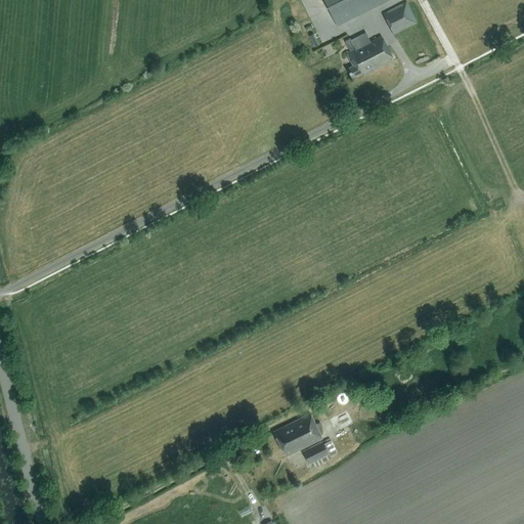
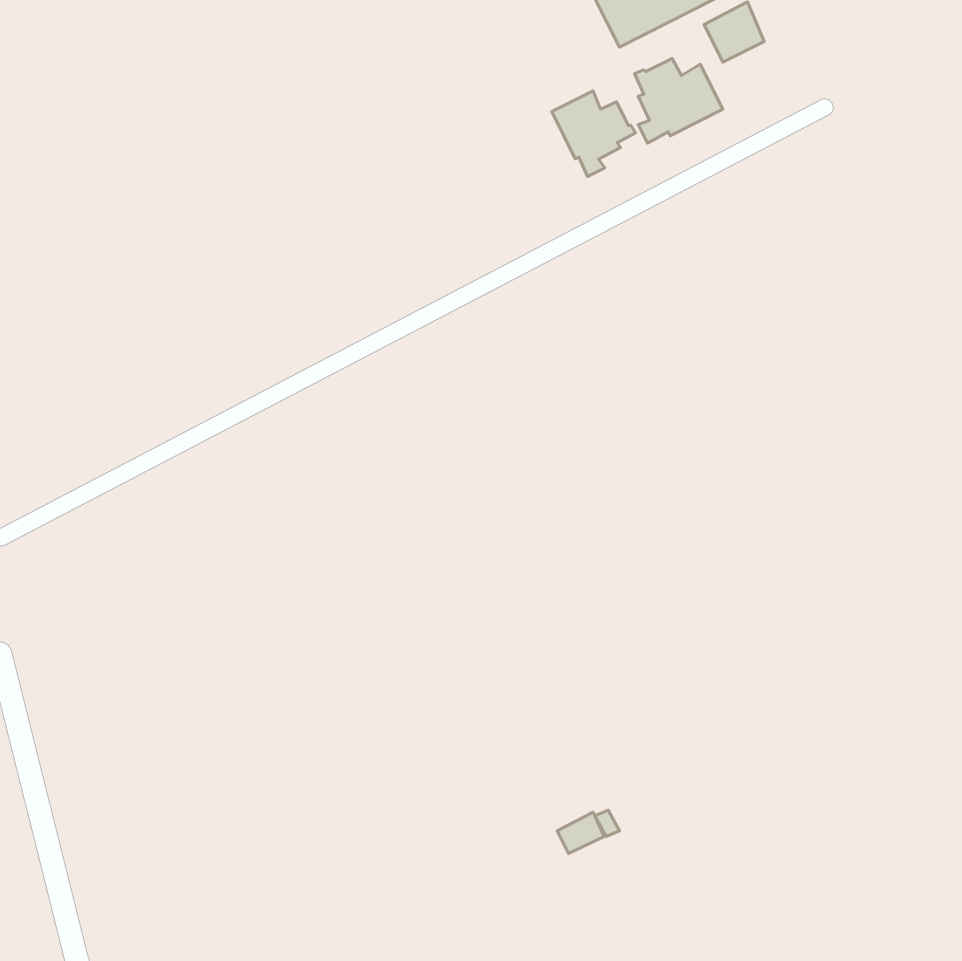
building: none -> [552,91,636,176]
building: [273,413,322,456] -> none

